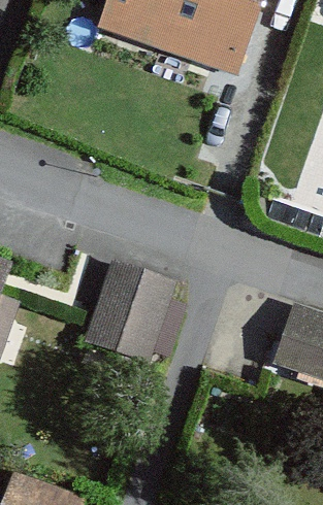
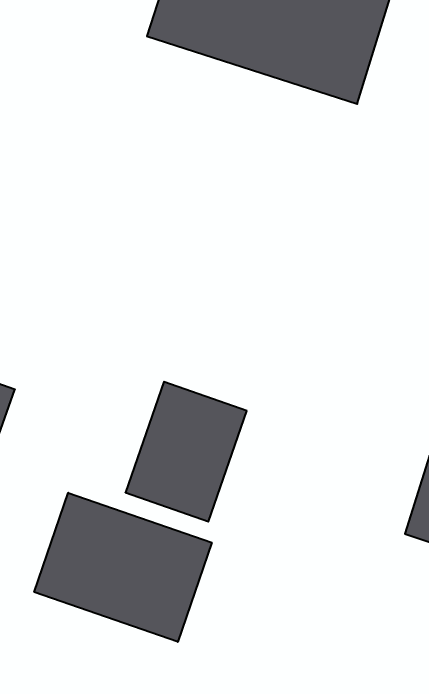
building: none -> [34,493,212,642]

